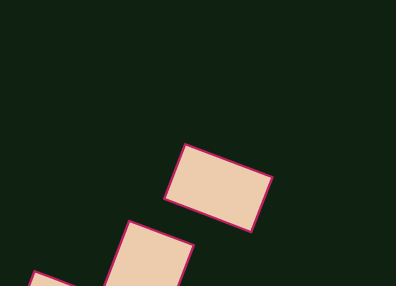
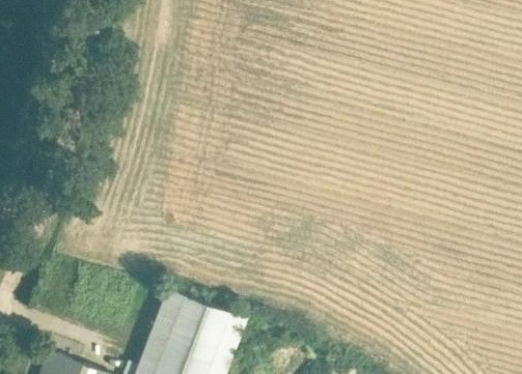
building: [164,144,272,232] -> none

